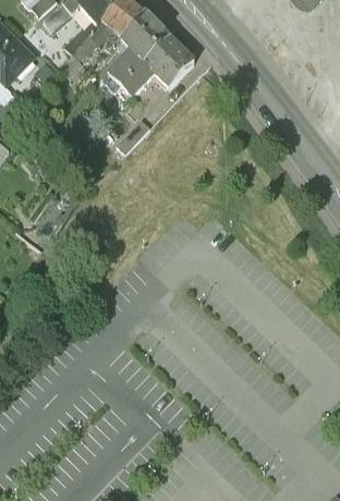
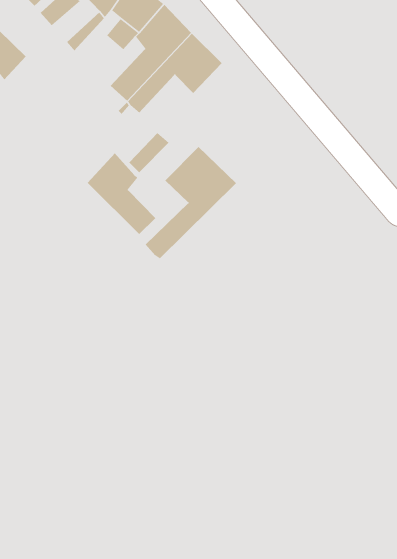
building: none -> [145,146,237,259]
building: none -> [87,152,156,235]

